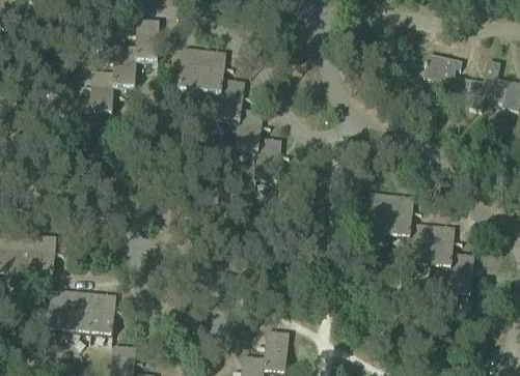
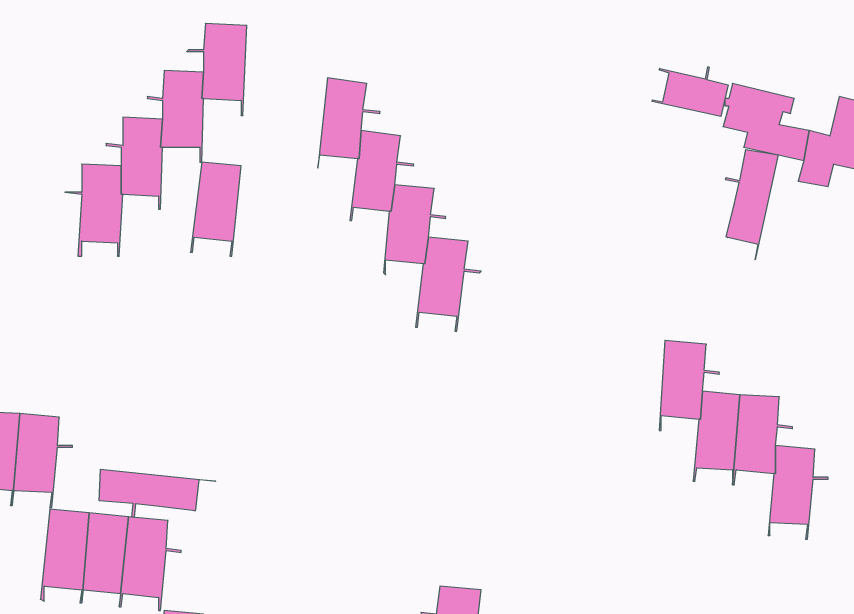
building: none -> [652,67,728,116]
building: [176,48,204,99] -> [190,162,241,256]
building: none -> [725,150,778,260]
building: [366,193,391,244] -> none
building: none -> [99,469,216,517]

